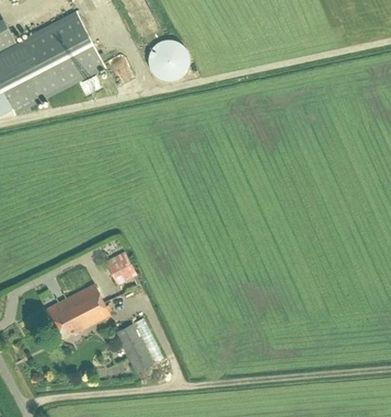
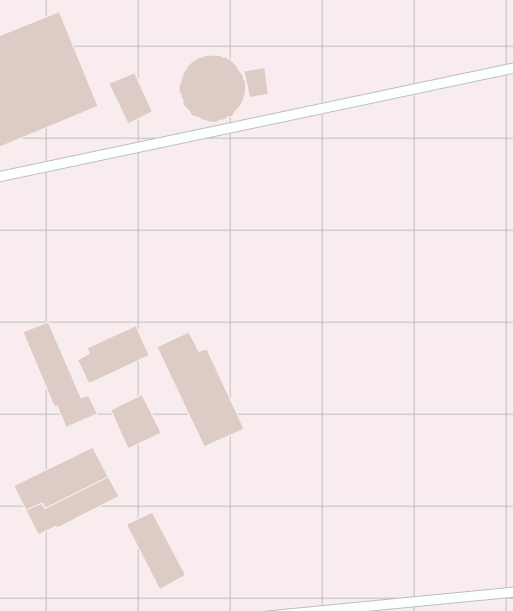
building: none -> [23,322,97,427]
building: none -> [77,325,149,384]
building: none -> [157,332,244,447]

